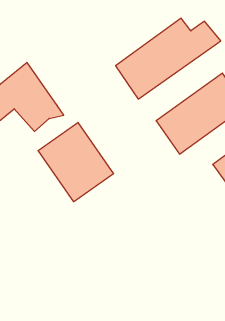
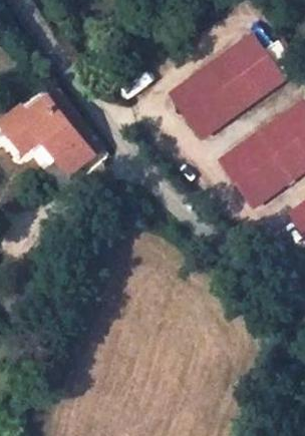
building: [38,122,114,202] -> none

